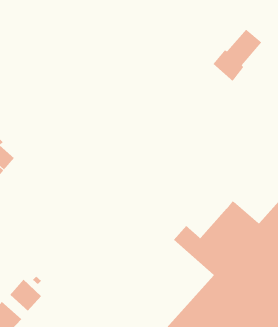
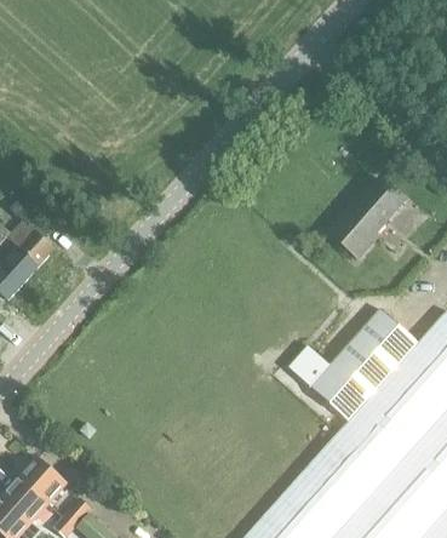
building: [212,29,262,82] -> [331,178,405,257]
building: [10,279,42,312] -> none

